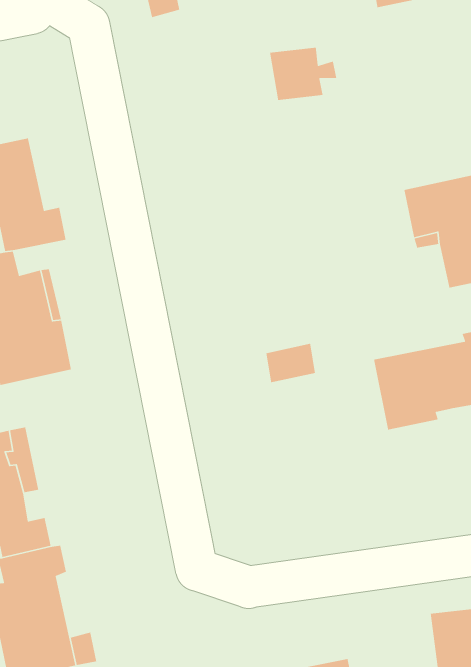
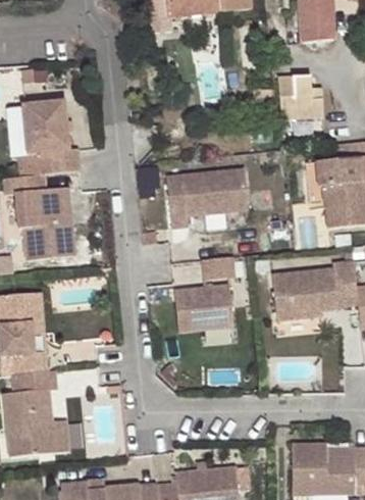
building: [269,47,337,101] -> [280,76,323,108]
building: none -> [167,168,248,227]
building: none -> [173,286,233,333]

